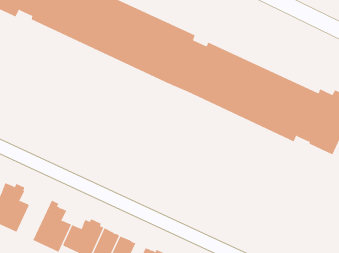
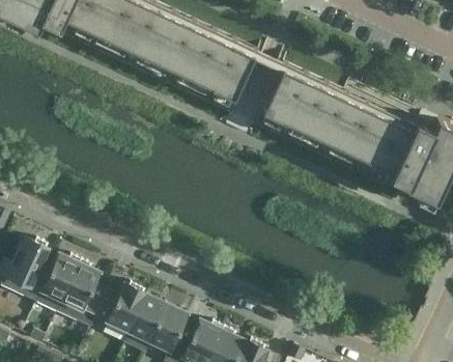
building: none -> [38,254,82,310]

